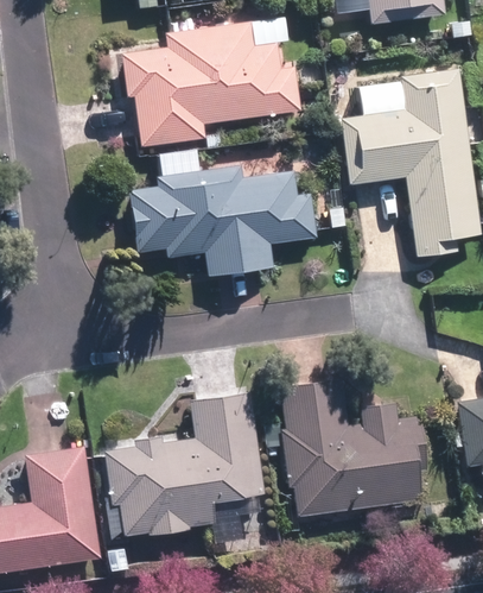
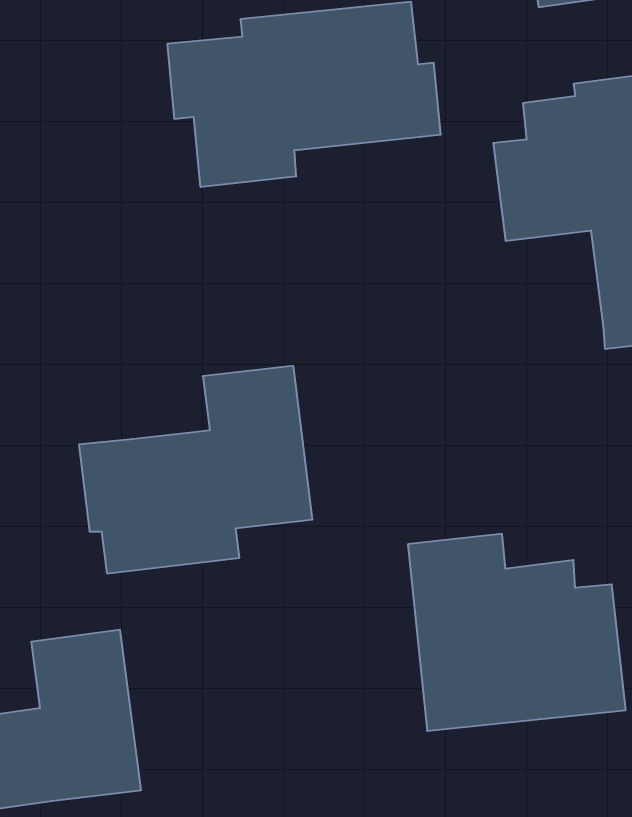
building: [128,163,317,276] -> none
building: [102,395,261,536] -> [79,366,313,573]

